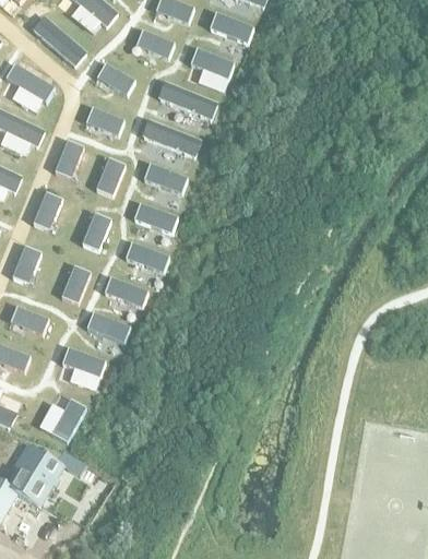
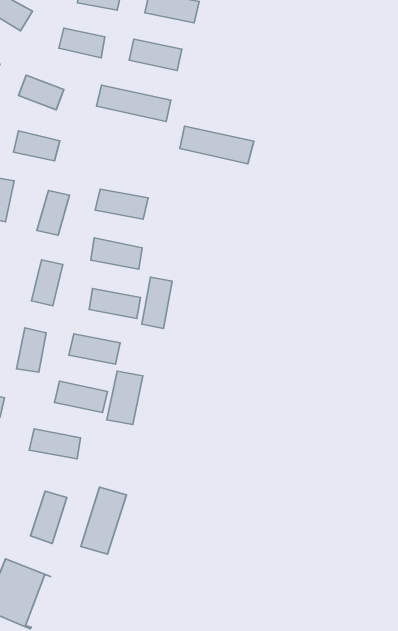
building: [142,119,202,157] -> [180,126,254,164]
building: none -> [142,277,172,328]
building: none -> [107,371,143,424]
building: none -> [81,487,126,554]

